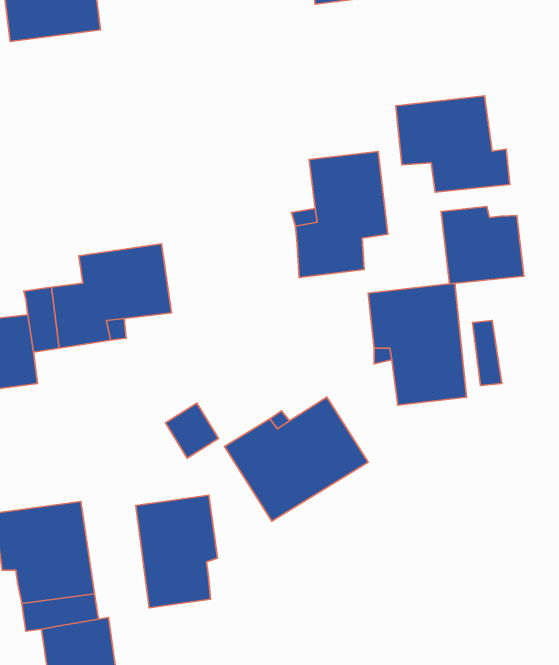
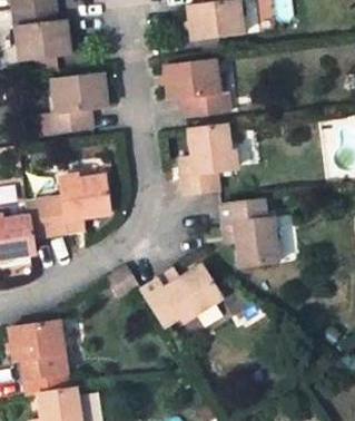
building: none -> [49,72,106,133]
building: [396,96,510,192] -> [165,59,229,114]
building: [441,206,524,284] -> none
building: [136,495,217,608] -> none

